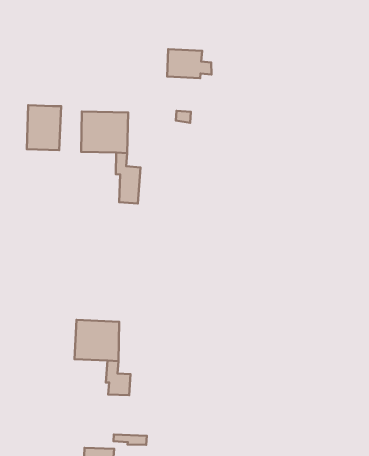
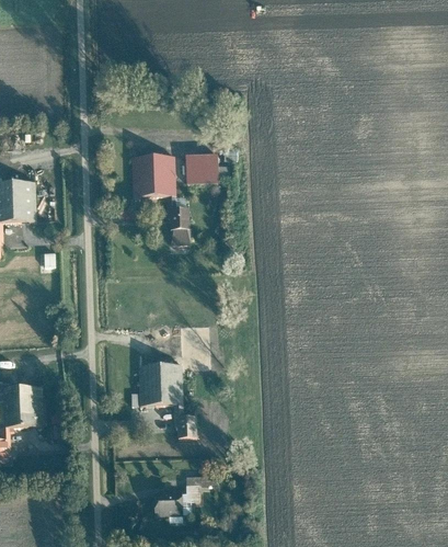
building: [167,49,211,78] -> [186,155,231,183]
building: [27,105,61,150] -> none

